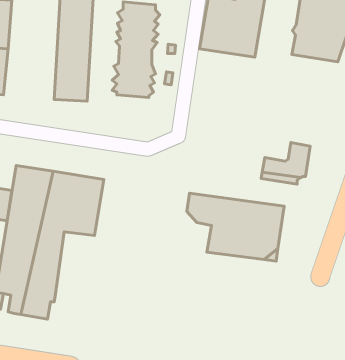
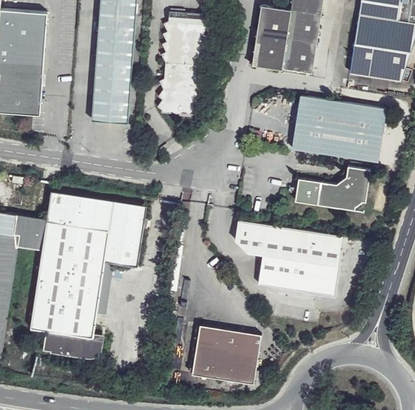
building: none -> [291,96,386,163]
building: none -> [295,179,321,206]
building: none -> [193,325,261,384]
building: none -> [55,334,103,361]

